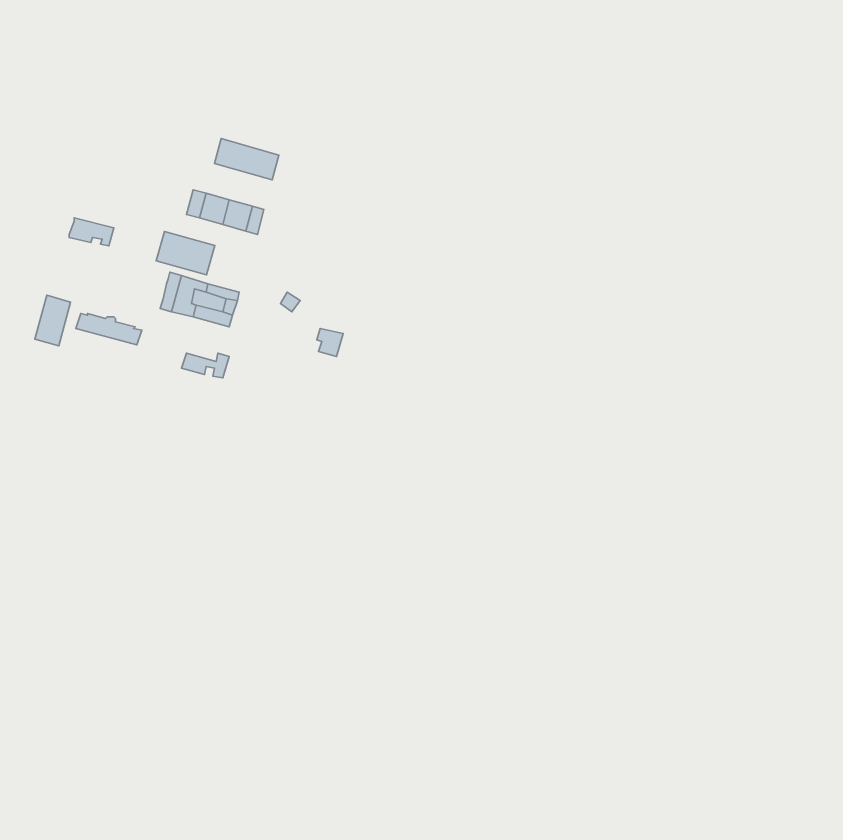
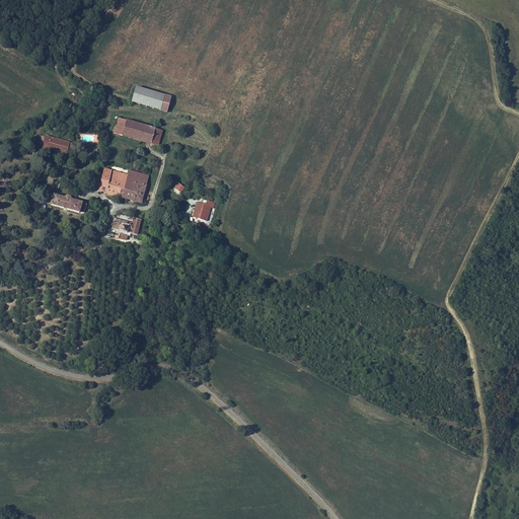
building: [156,232,215,275] -> none
building: [35,295,71,346] -> none

